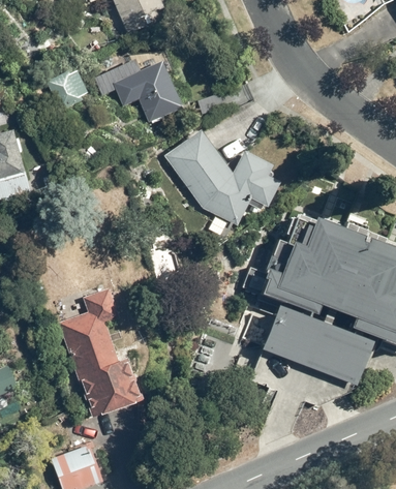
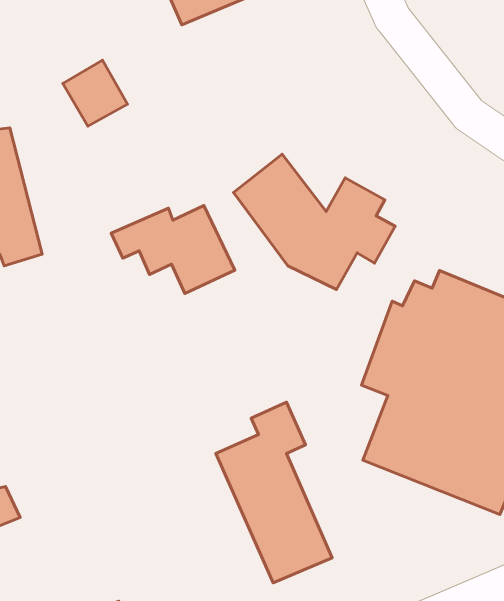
building: [95,59,182,121] -> [111,205,235,294]
building: [58,287,140,415] -> [216,402,332,583]

